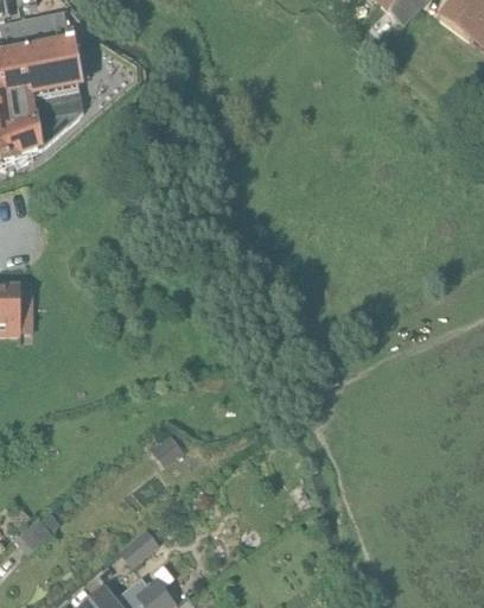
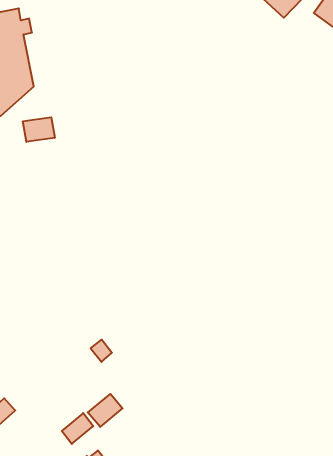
building: none -> [23,117,55,142]
building: none -> [88,394,123,427]

